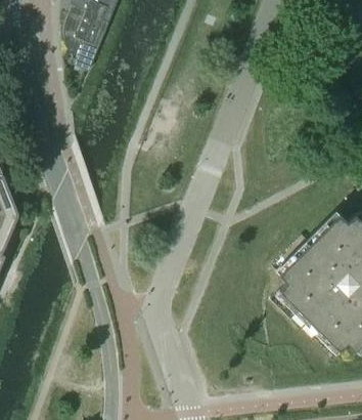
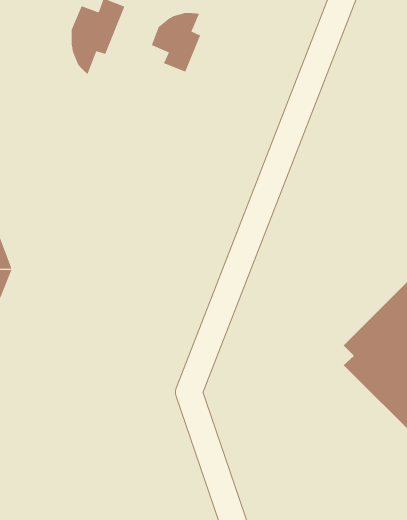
building: none -> [151,12,201,72]

